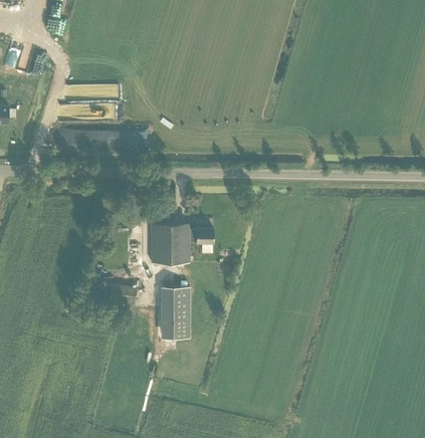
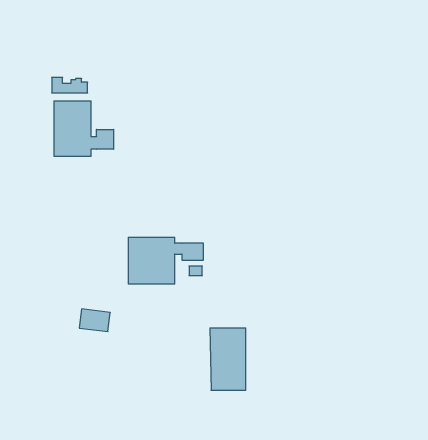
building: none -> [54,101,114,156]
building: [160,285,190,338] -> [210,328,246,390]

